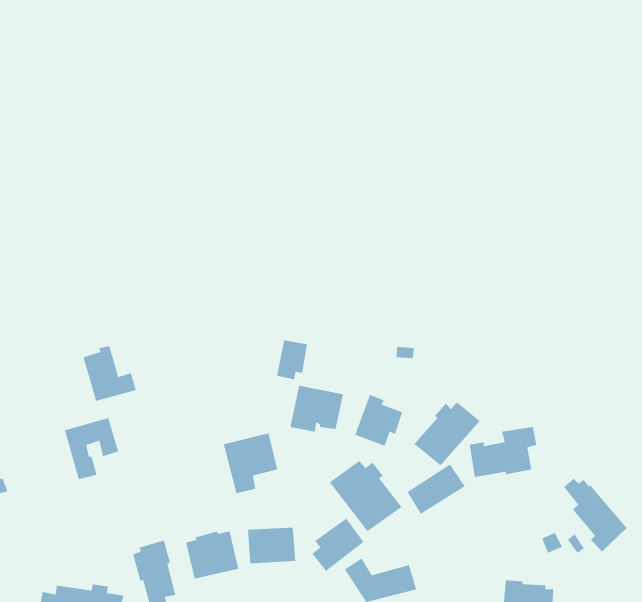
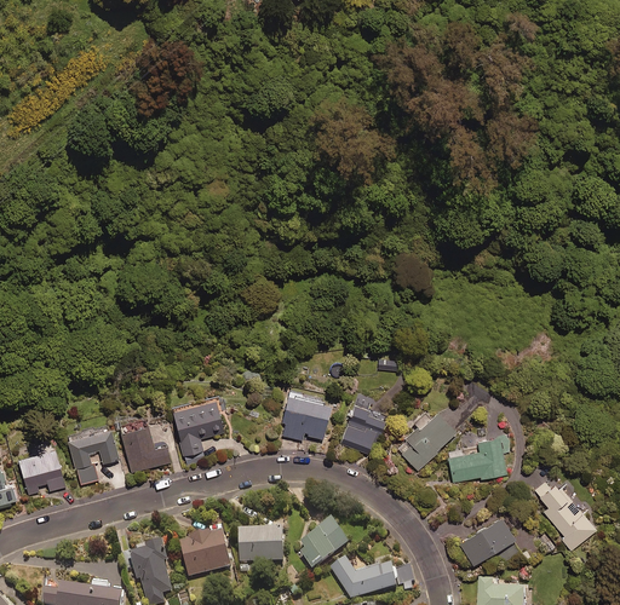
building: [276,340,308,380] -> none
building: [83,345,137,402] -> [120,419,171,472]
building: [223,432,278,494] -> [172,398,224,456]
building: none -> [17,446,65,495]
building: [329,460,403,532] -> none
building: [406,463,466,515] -> [459,514,515,563]

